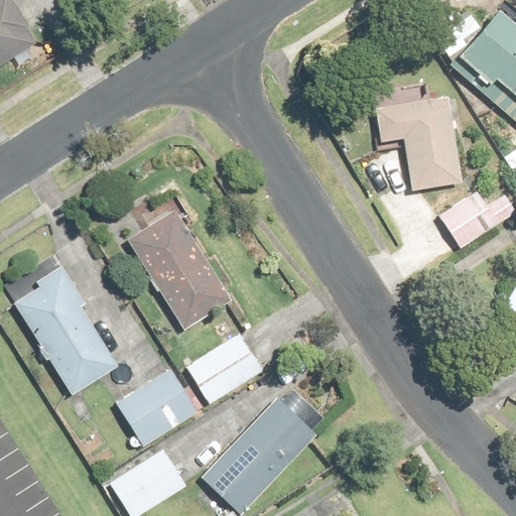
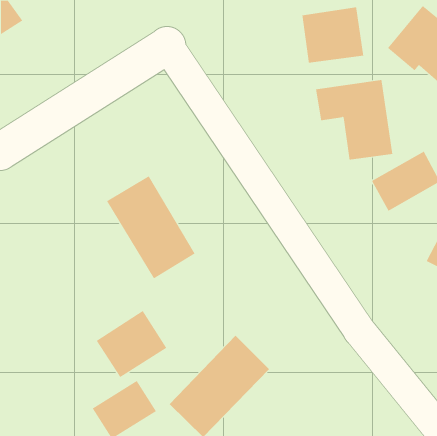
building: none -> [302,7,364,63]
building: [13,264,120,391] -> none
building: [183,334,262,405] -> none

